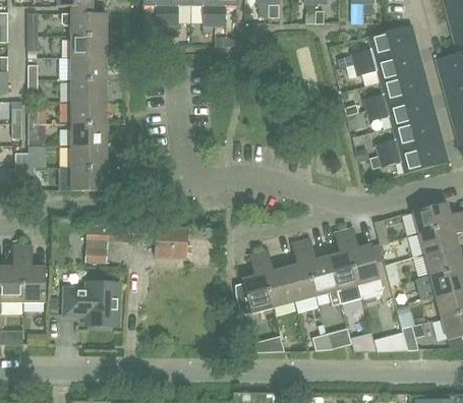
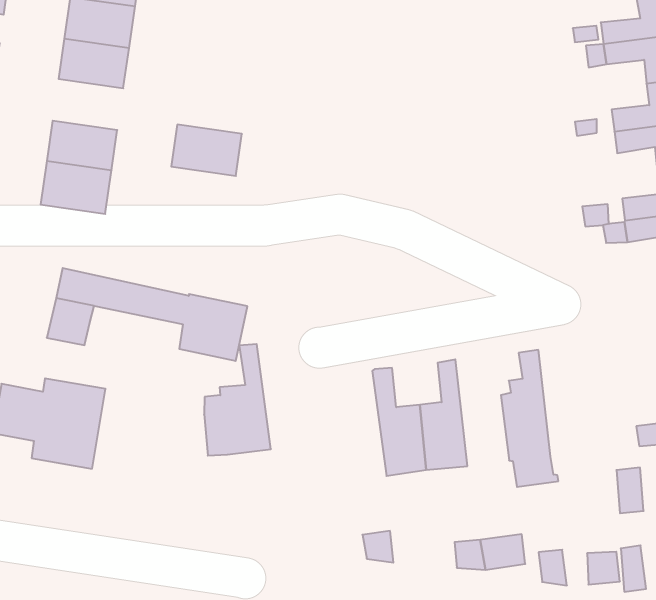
building: [71,123,106,146] -> [171,125,242,176]
building: [343,227,382,293] -> none
building: [300,238,342,304] -> none
building: [234,252,273,314] -> [204,344,271,456]

